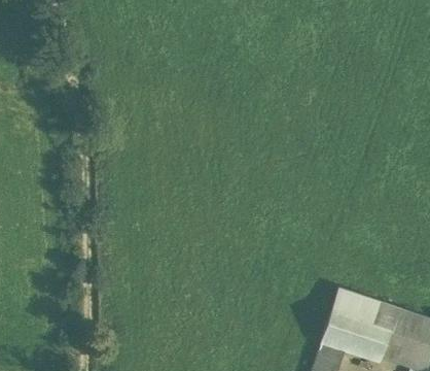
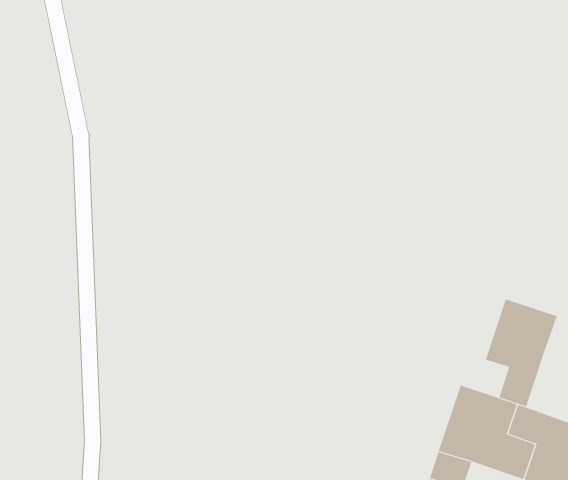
building: none -> [485,298,557,407]

